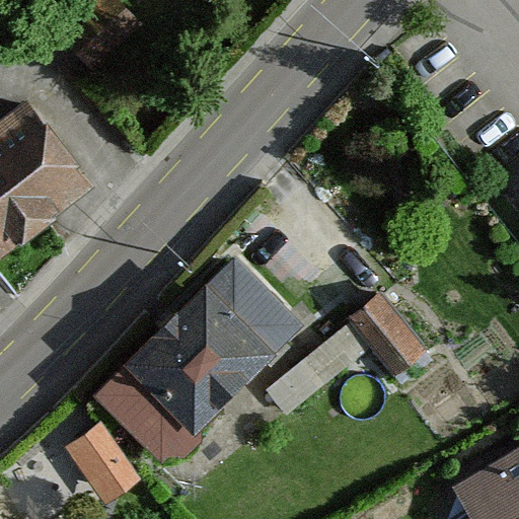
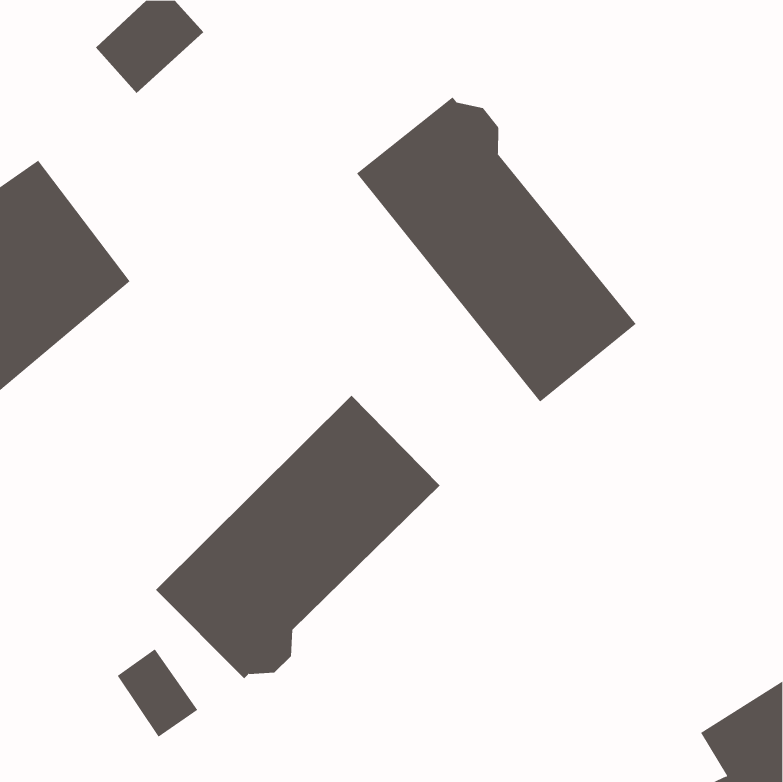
building: none -> [356,96,637,403]
building: [299,297,420,385] -> none

